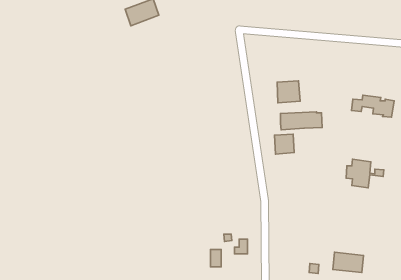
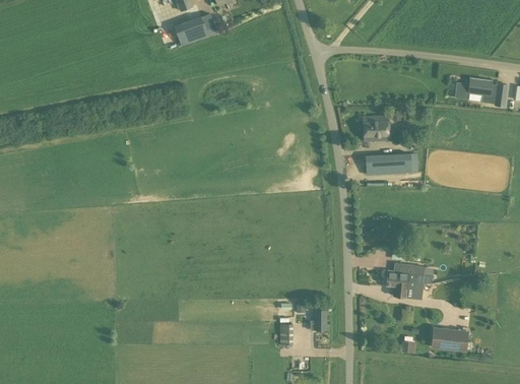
building: [351,95,394,117] -> [454,77,507,105]
building: [274,134,294,154] -> none
building: [346,159,384,188] -> [385,262,432,298]

